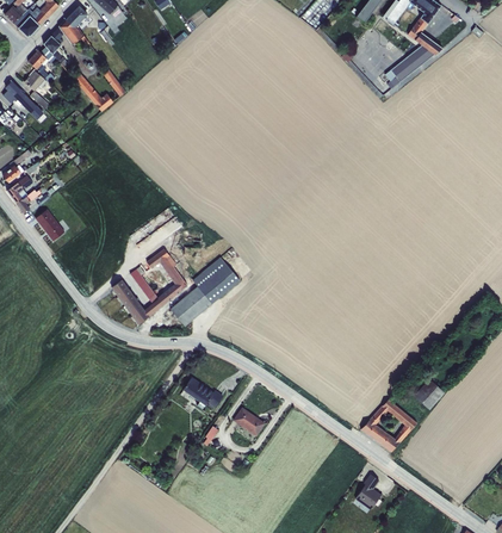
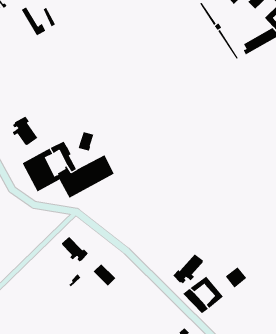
building: none -> [12,116,38,146]
building: none -> [172,253,204,284]

